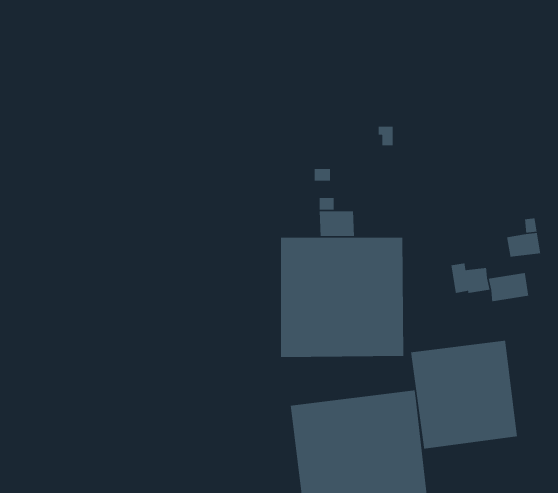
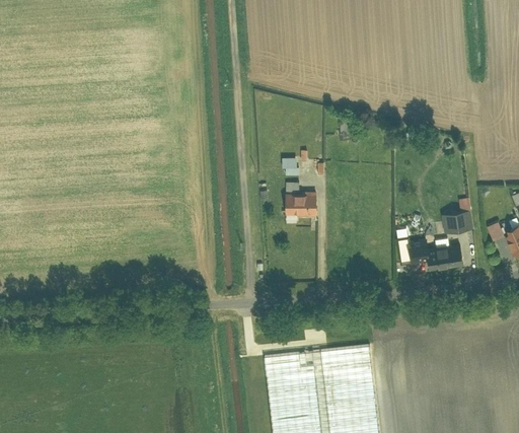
building: [280,237,404,358] -> none
building: [410,340,518,450] -> none

